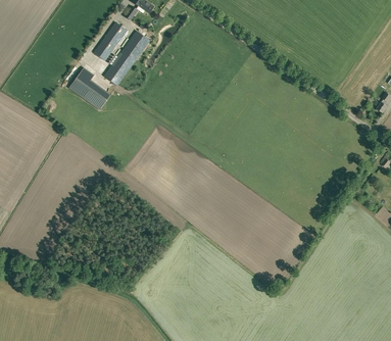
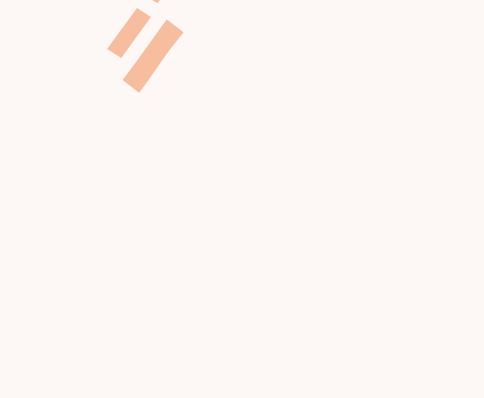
building: [68,67,111,111] -> none

